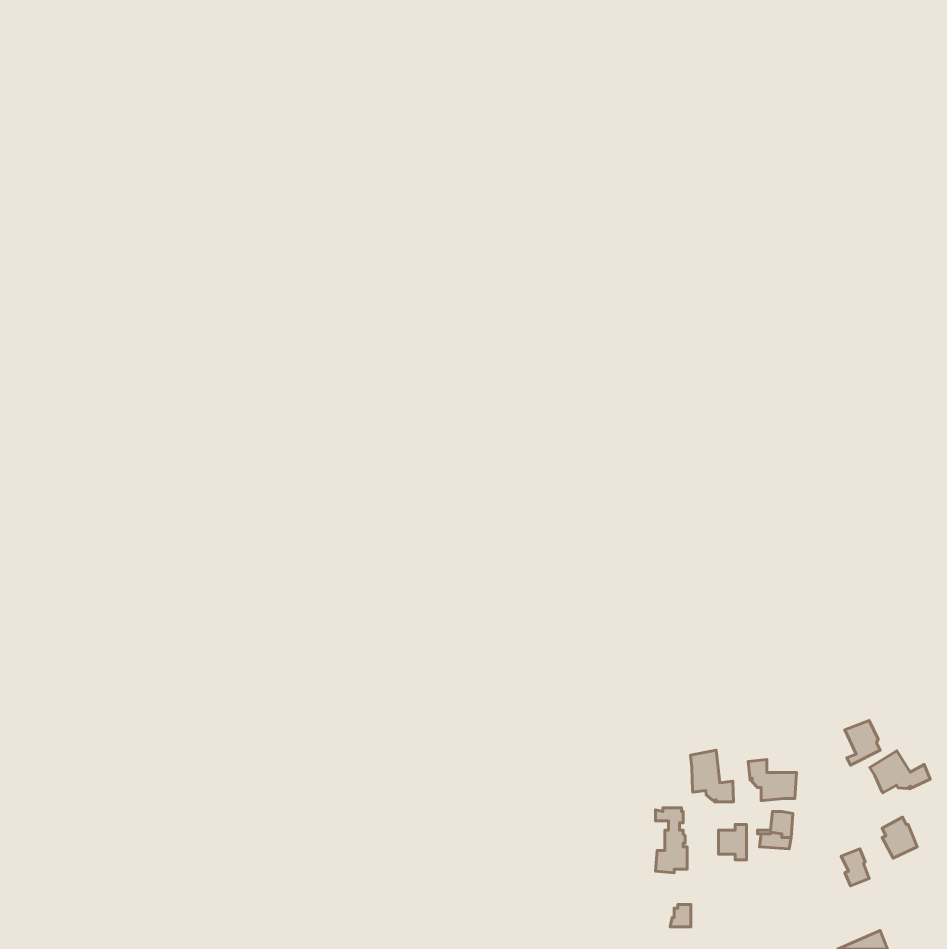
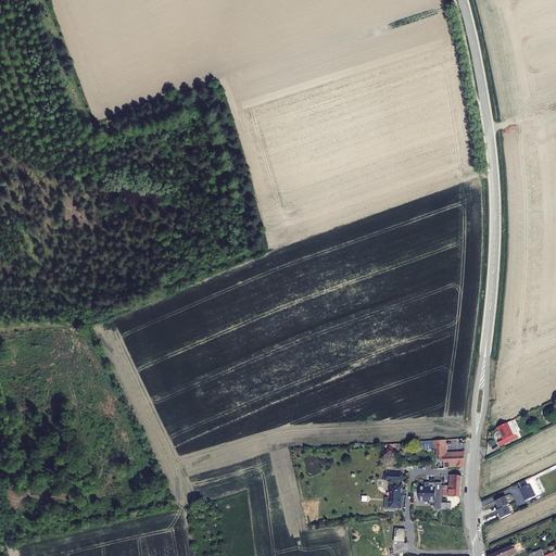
building: [690,750,733,802] -> none
building: [870,751,930,793] -> none

